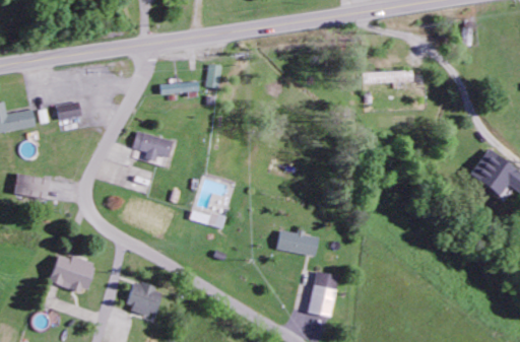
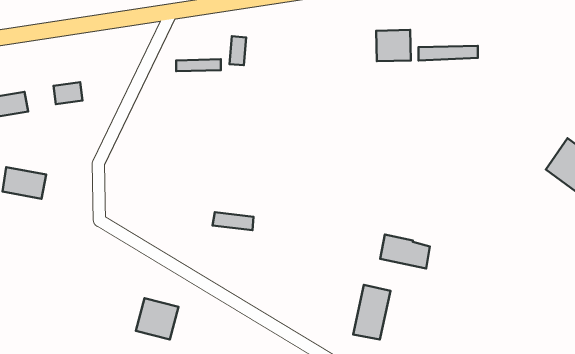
building: none -> [376,30,411,61]
building: [132,131,172,161] -> none
building: [276,228,318,257] -> [380,234,430,268]
building: [51,254,94,292] -> none

